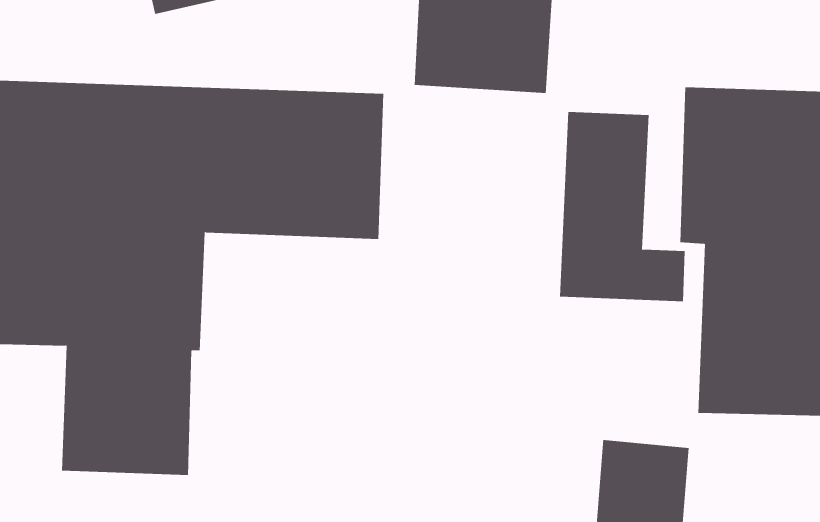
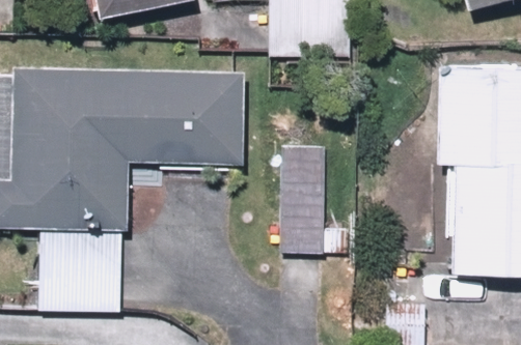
building: [559,112,686,302] -> [276,138,356,258]

